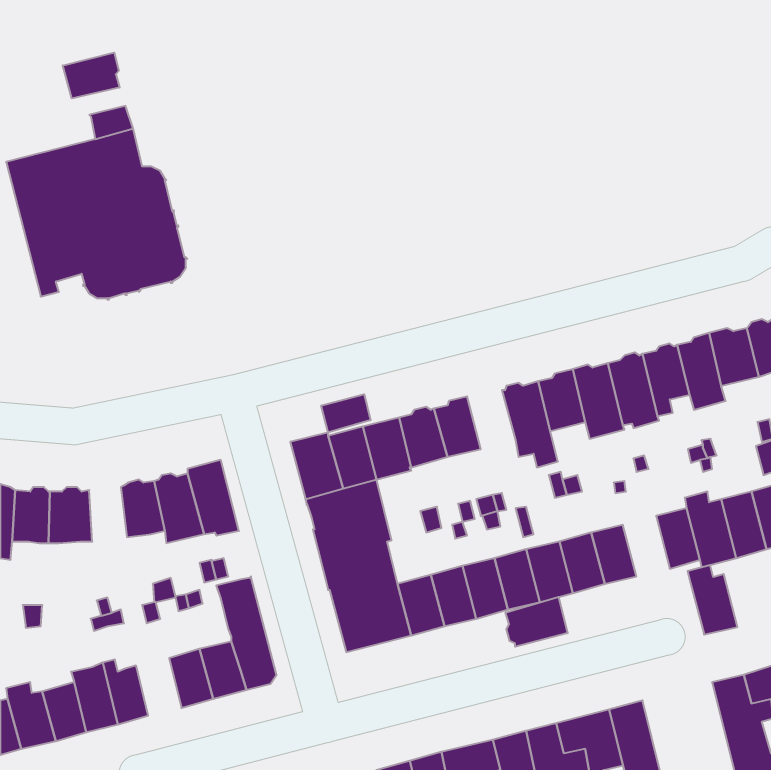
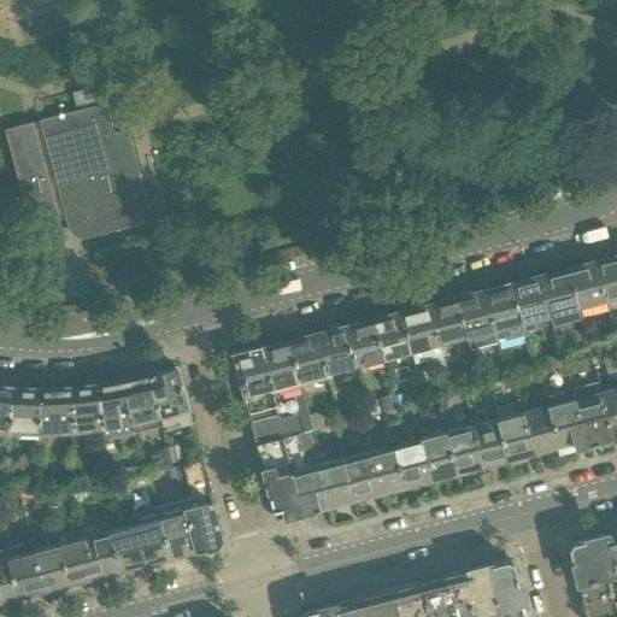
building: [63,53,120,98] -> none
building: none -> [374,313,412,360]
building: [321,394,370,433] -> none
building: none -> [72,389,102,434]
building: [688,565,737,635] -> [495,406,535,462]
building: [506,597,568,647] -> none
building: none -> [110,527,146,572]

